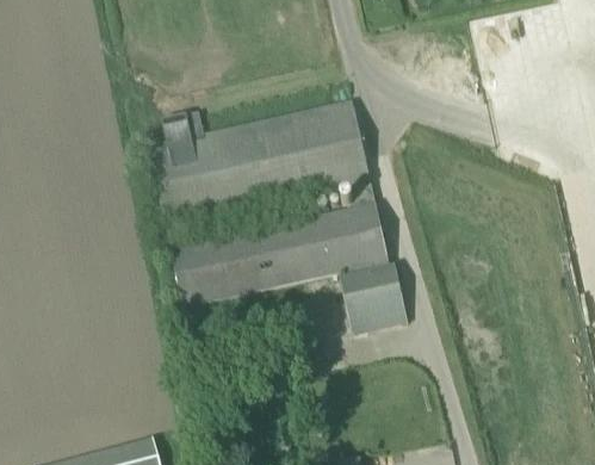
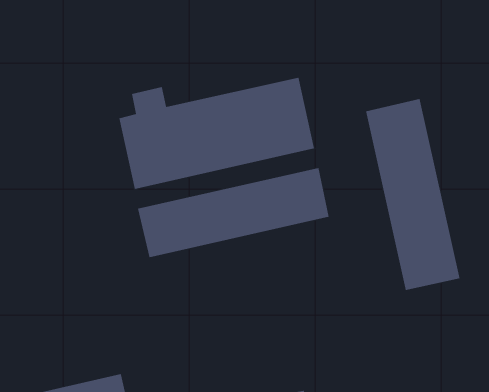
building: none -> [366,98,460,291]
building: [339,264,408,334] -> none

